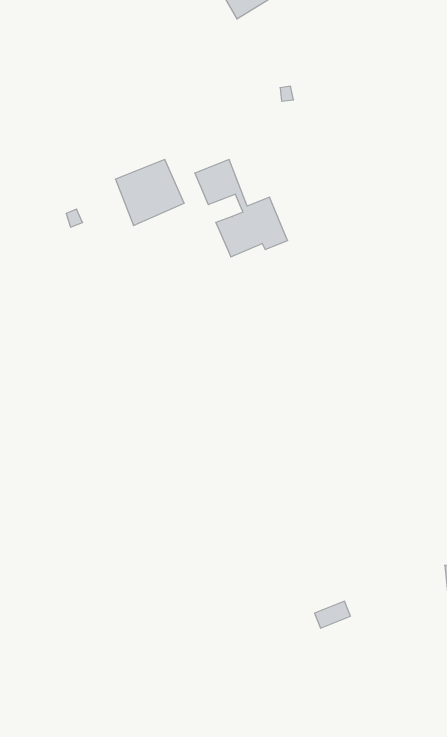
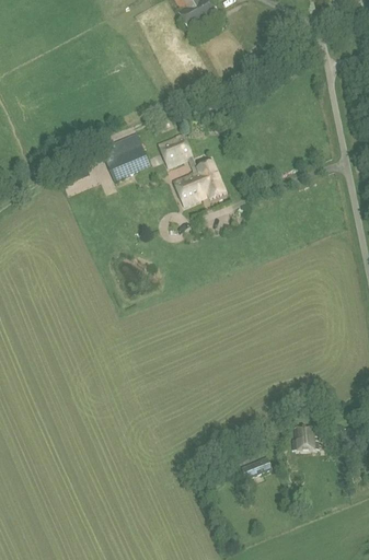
building: none -> [291,424,318,448]

